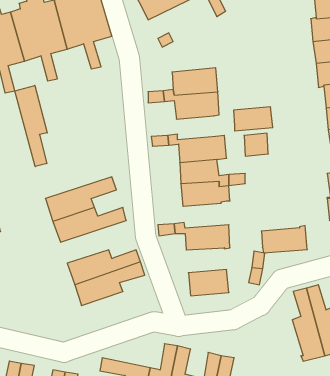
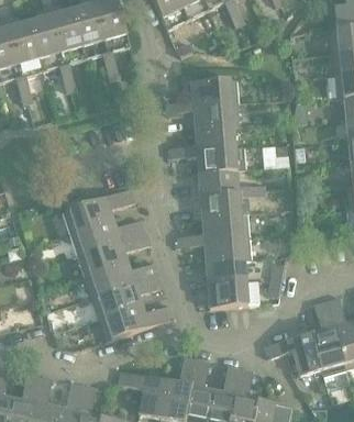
building: [15,85,47,167] -> none
building: [234,107,273,131] -> [195,125,234,149]
building: none -> [78,231,148,274]
building: [261,226,307,253] -> [201,211,247,238]
building: none -> [204,258,245,284]
building: none -> [99,302,173,338]
building: none -> [264,331,322,374]

